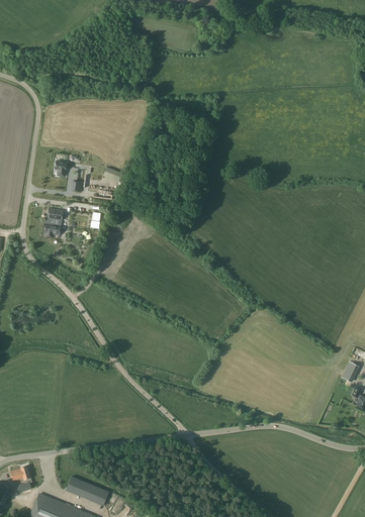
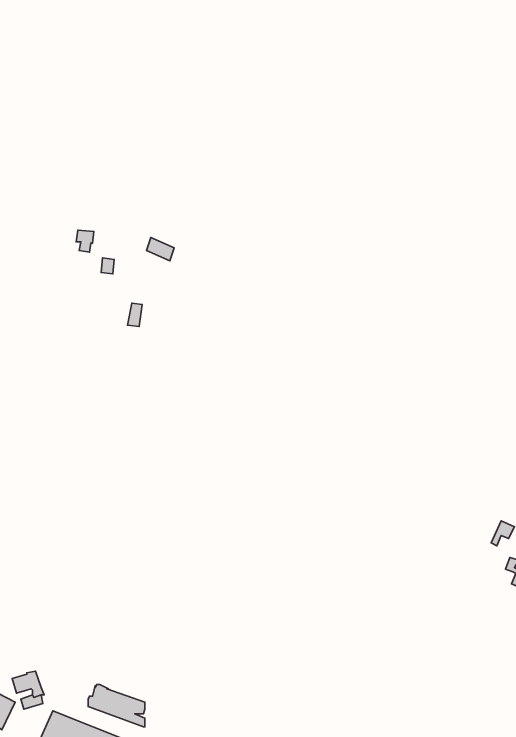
building: [43,209,63,235] -> none

